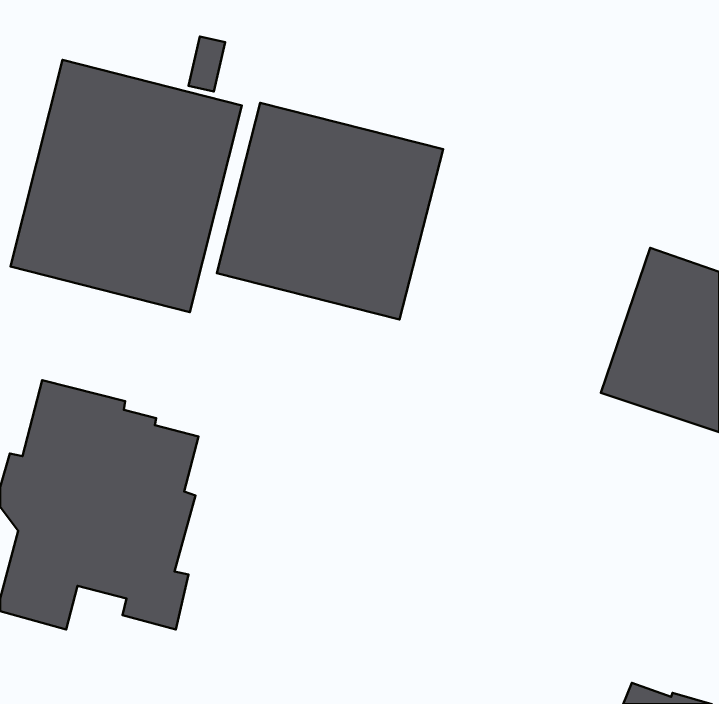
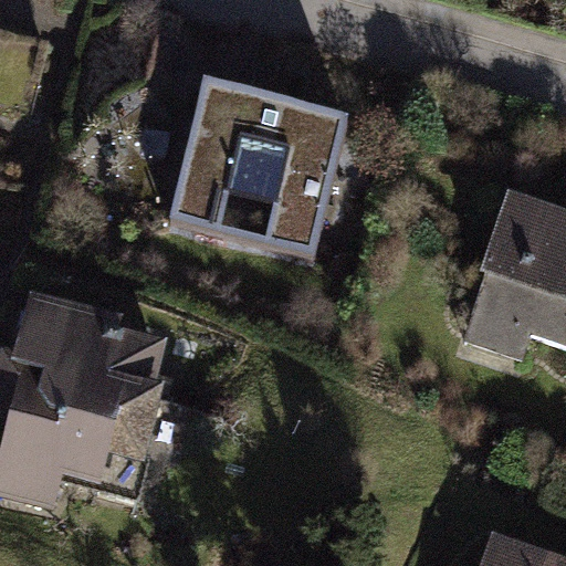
building: [11,60,242,312] -> none

